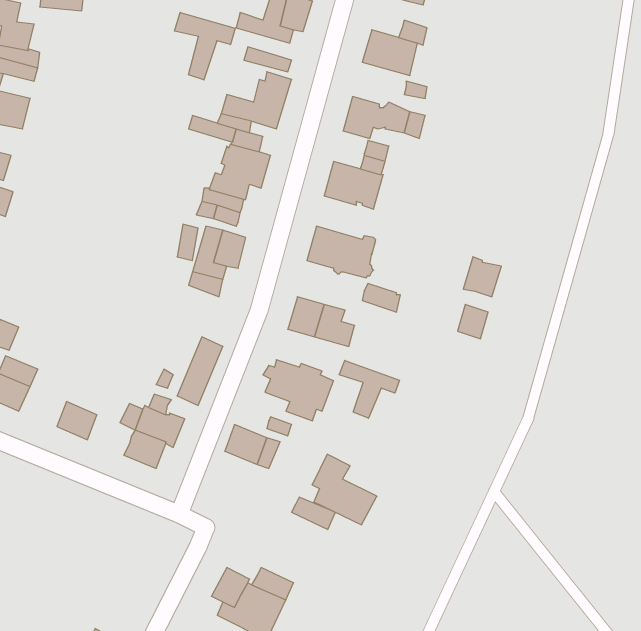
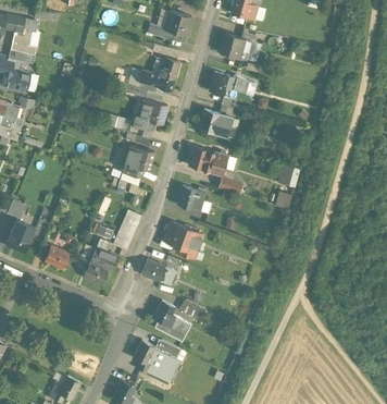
building: [174,12,235,80] -> none
building: [339,360,399,418] -> none
building: [312,454,377,525] -> [153,301,190,341]

